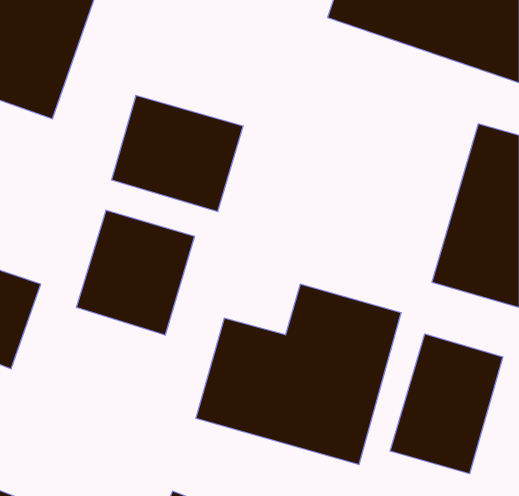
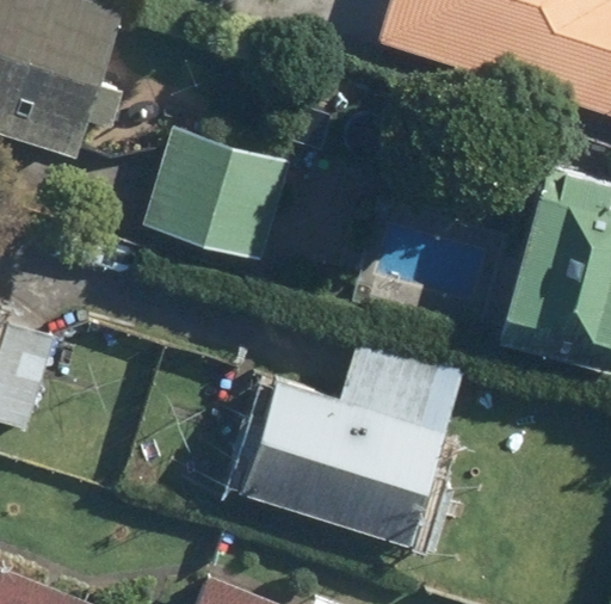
building: [77,210,194,335] -> none
building: [390,334,503,474] -> none

